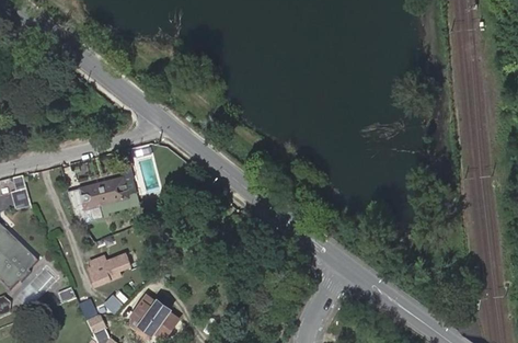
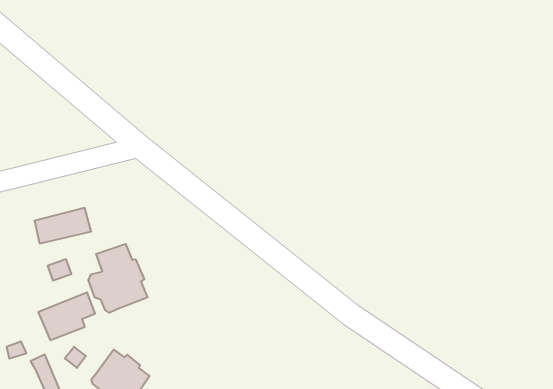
building: none -> [89,244,147,313]

